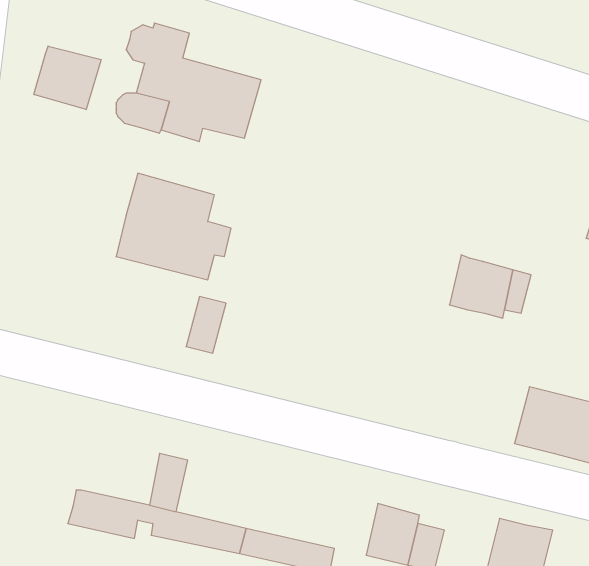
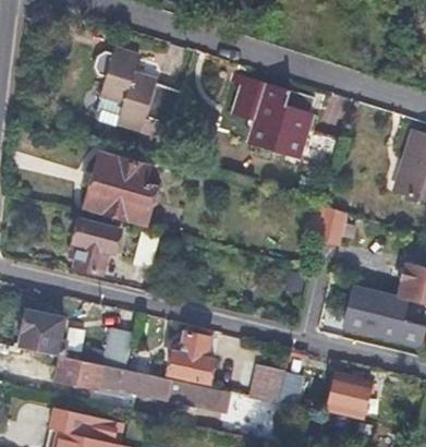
building: [34,46,101,110] -> none
building: none -> [233,77,341,165]
building: none -> [73,216,120,270]
building: none -> [19,309,68,357]
building: none -> [168,333,215,382]

